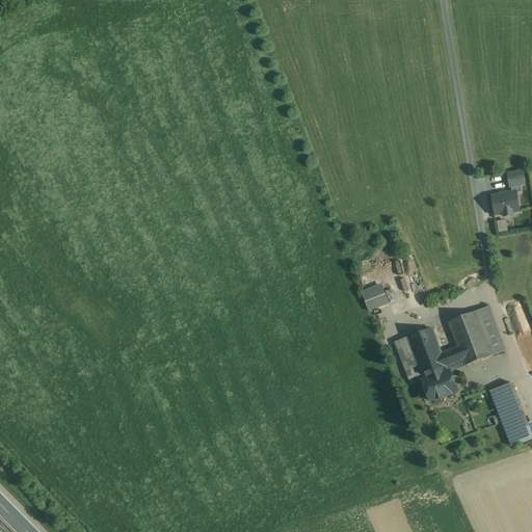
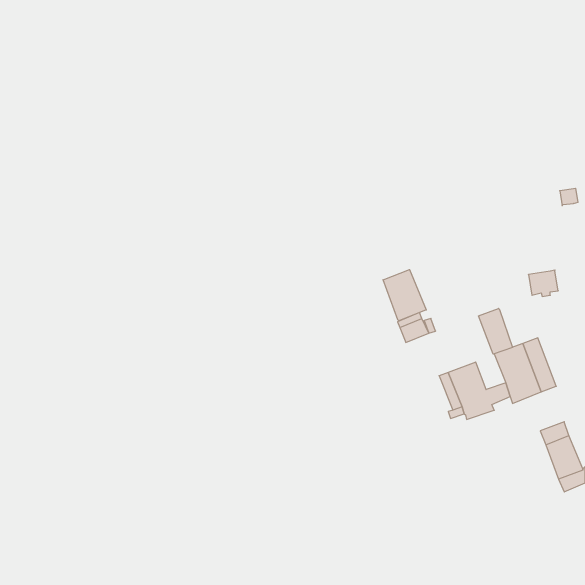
building: [490,191,517,215] -> [528,270,558,296]
building: none -> [383,270,426,321]
building: none -> [479,308,513,354]
building: [421,370,455,400] -> none

